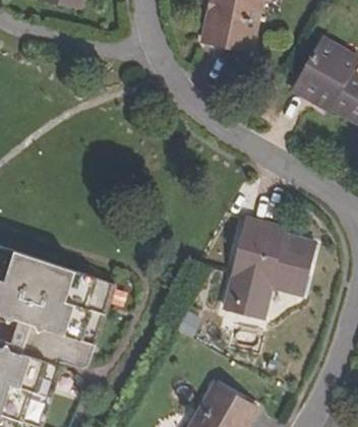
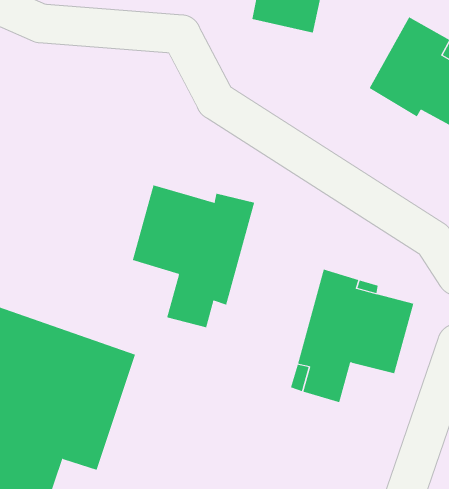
building: none -> [132,184,255,328]

